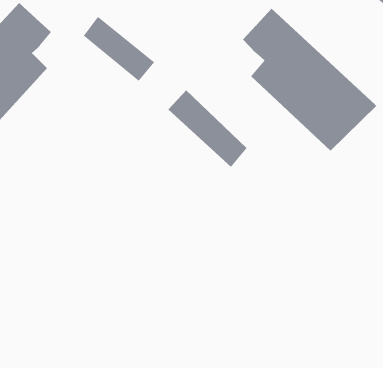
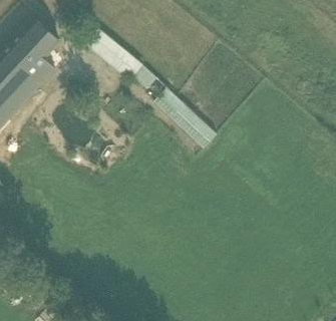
building: [242,8,377,152] -> none

